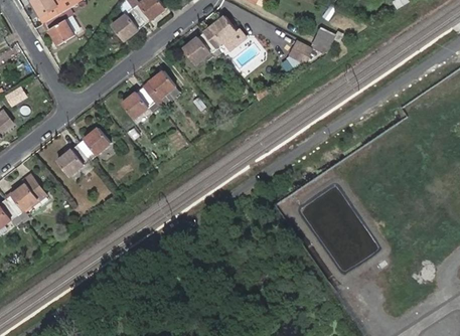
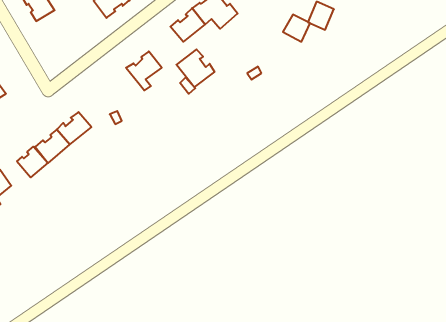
building: none -> [176,49,214,87]
building: [122,88,153,120] -> none
building: none -> [17,147,48,177]

